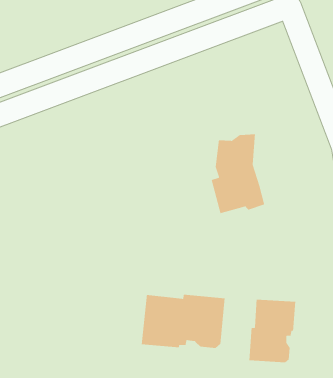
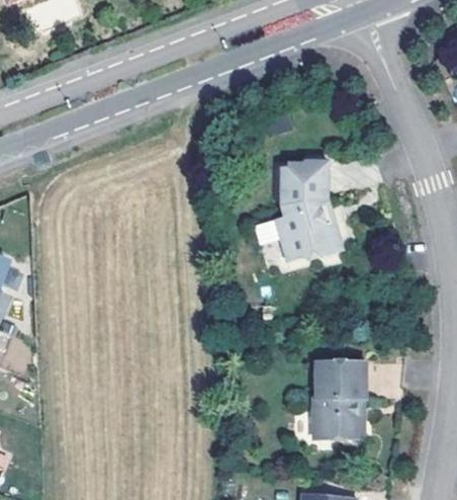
building: [141,294,226,349] -> none

